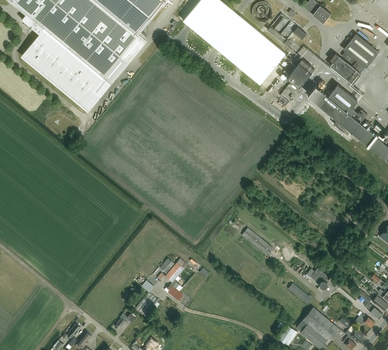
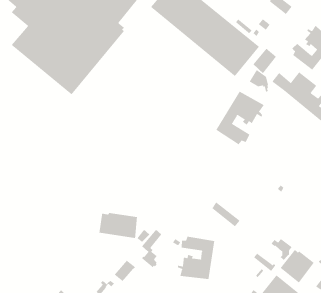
building: none -> [215,91,265,145]
building: none -> [99,212,138,239]
building: none -> [177,236,215,280]
building: none -> [280,249,315,283]

